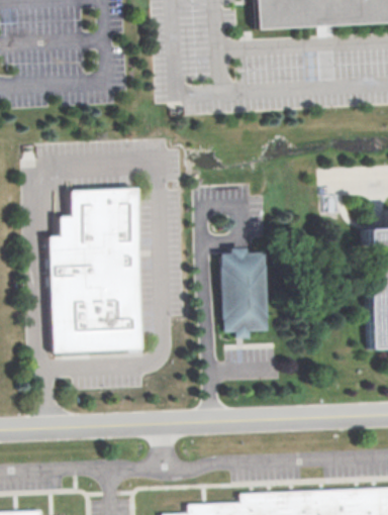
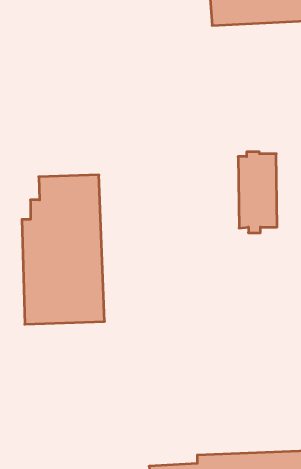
building: [228,248,271,336] -> [238,152,277,233]

